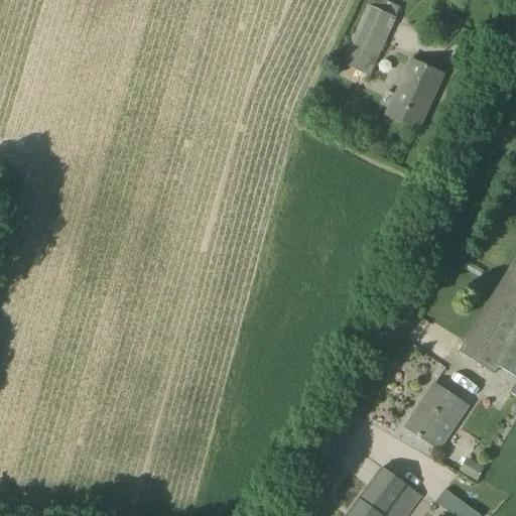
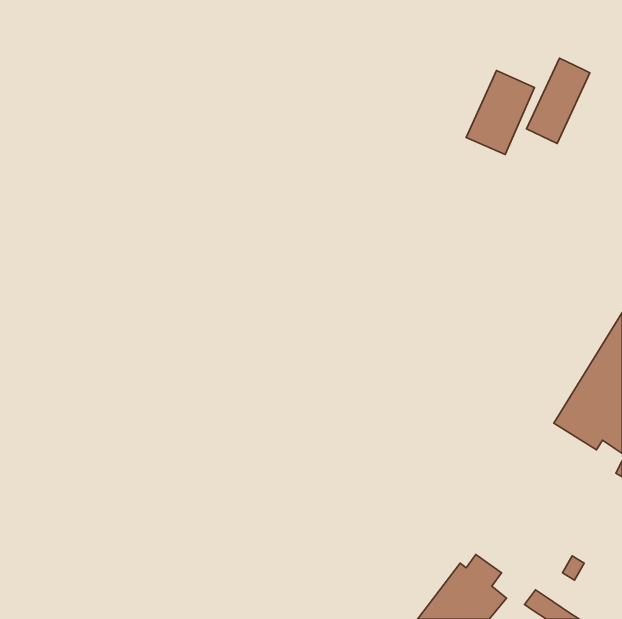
building: [344,4,396,75] -> [527,58,590,143]
building: [405,383,467,447] -> none

